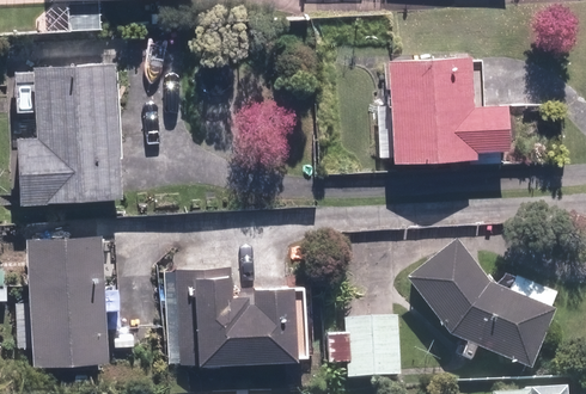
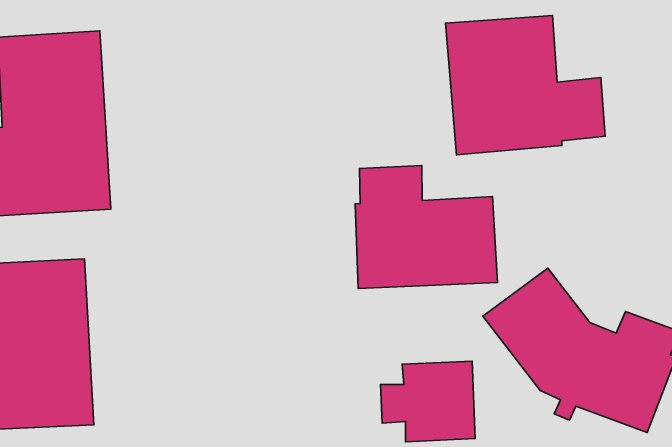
building: none -> [355,166,497,289]
building: [176,266,297,368] -> none

